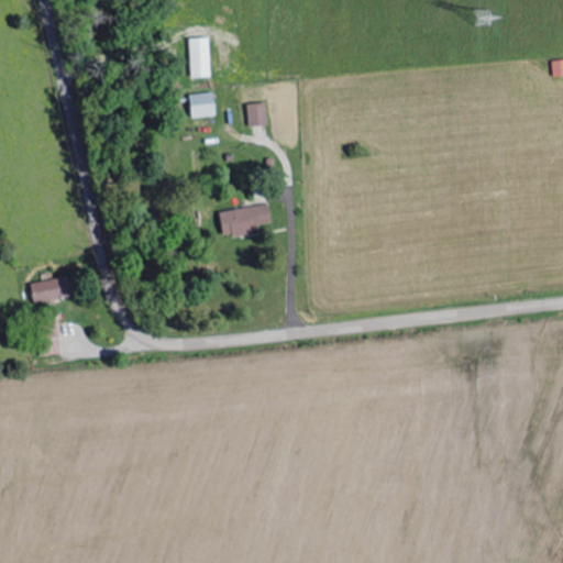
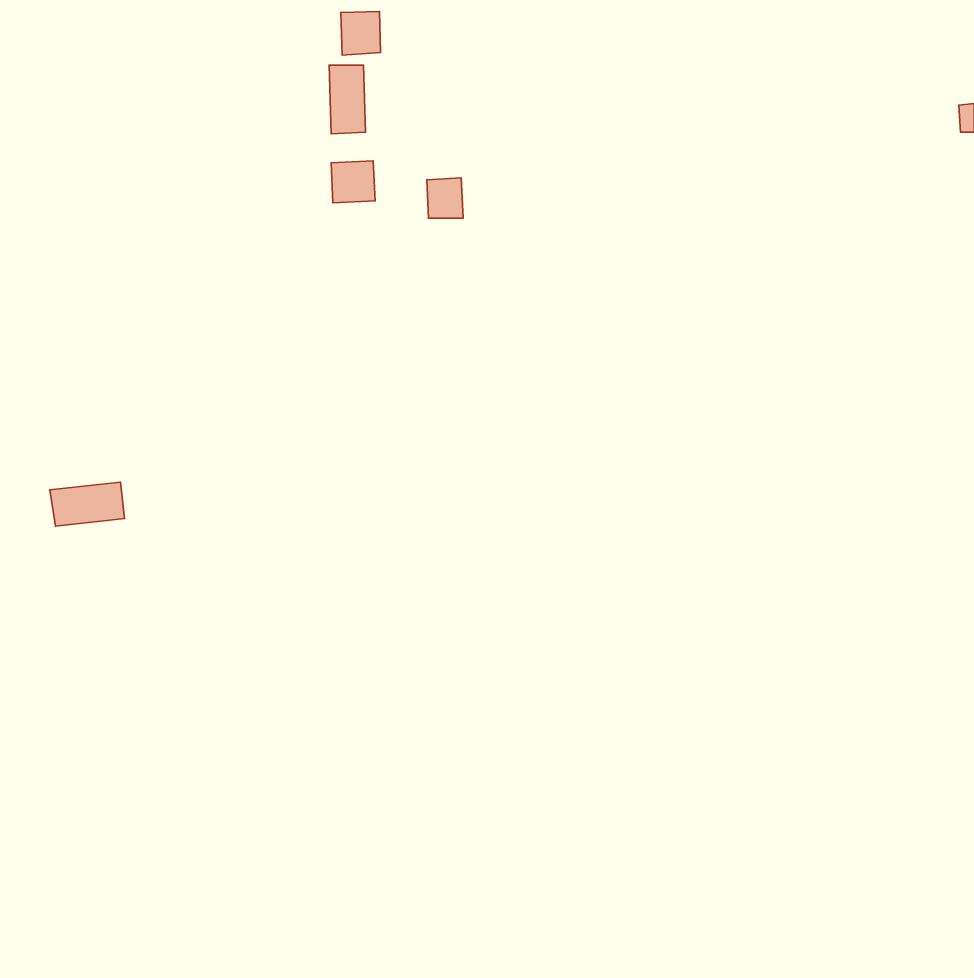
building: none -> [341,12,381,55]
building: [220,206,268,235] -> none

